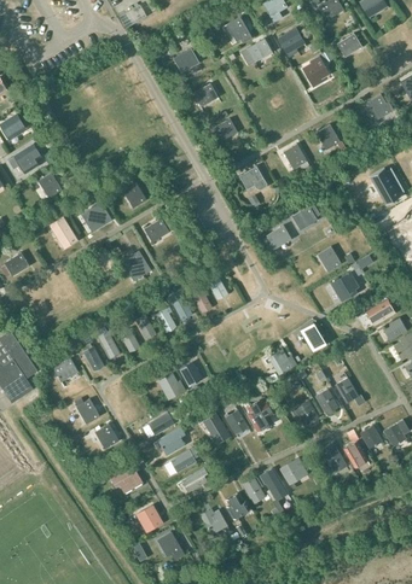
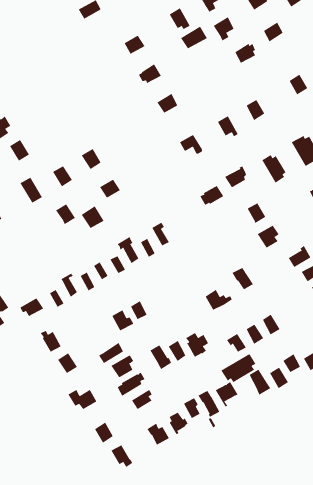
building: none -> [261,154,287,184]
building: none -> [220,353,256,384]

